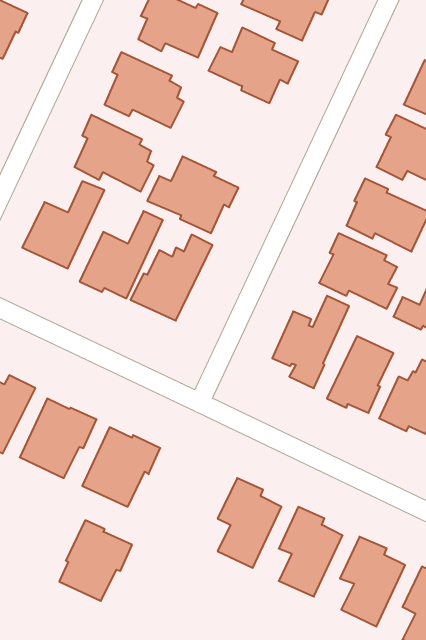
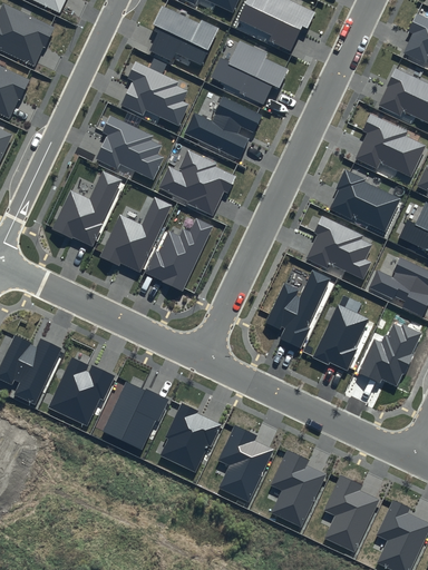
building: none -> [184,97,263,159]
building: [59,520,132,601] -> [159,403,222,472]

